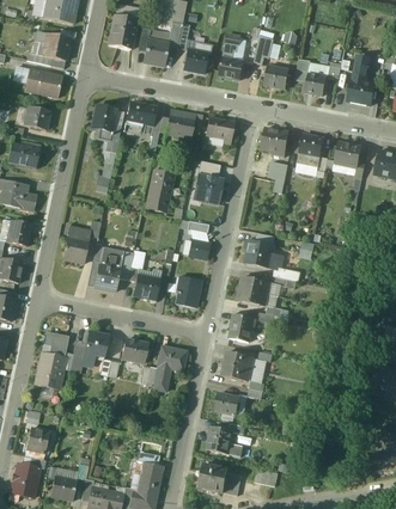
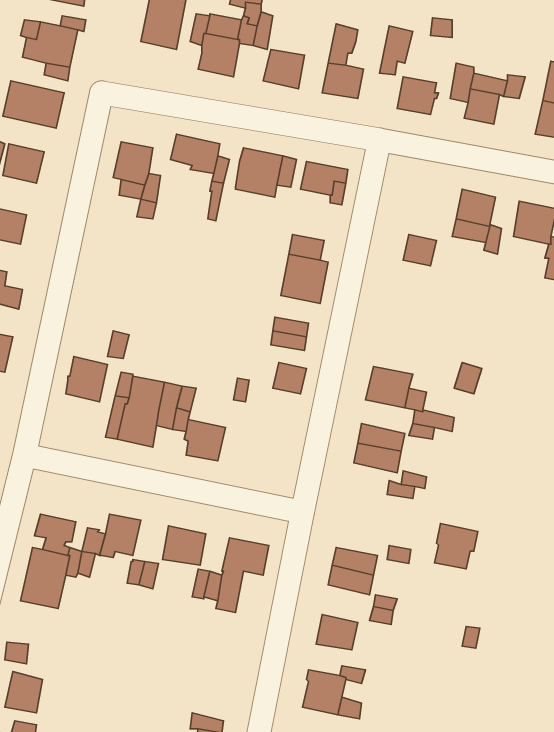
building: [261,128,288,157] -> none
building: [151,170,173,208] -> none
building: [176,275,201,307] -> none
building: [230,313,256,341] -> [435,524,478,569]

